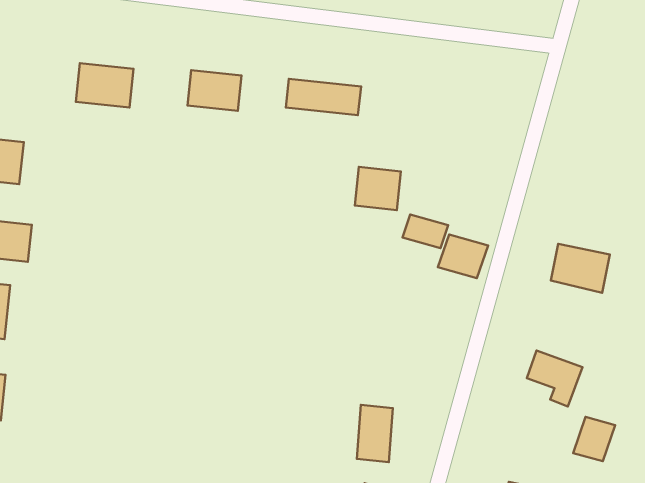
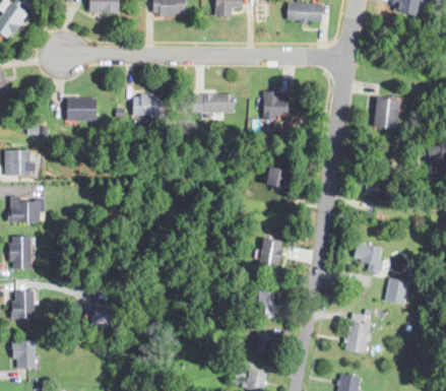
building: none -> [373,97,397,129]
building: [355,167,401,210] -> [263,92,289,116]
building: [438,234,488,278] -> none
building: none -> [261,237,286,270]

